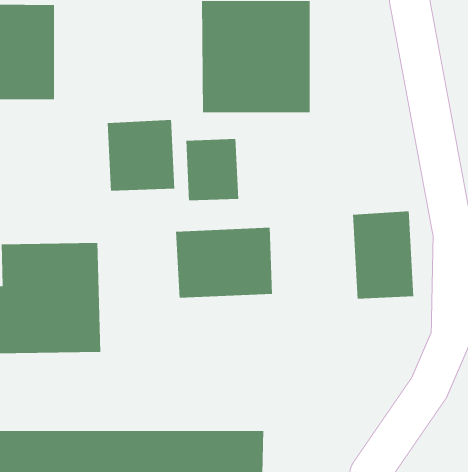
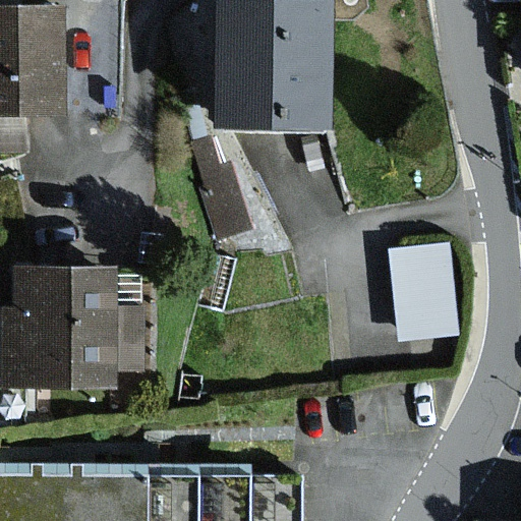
building: [107,119,175,192] -> none
building: [175,227,273,299] -> none

